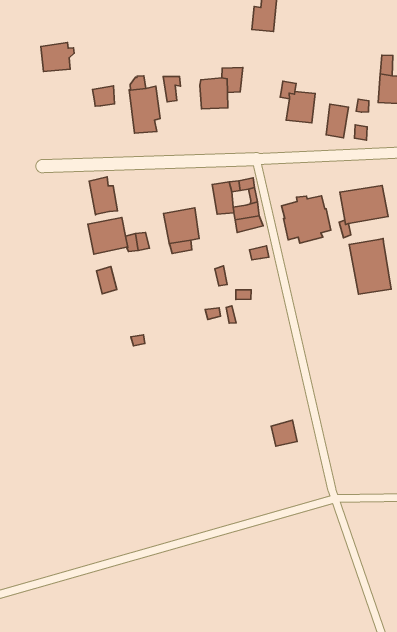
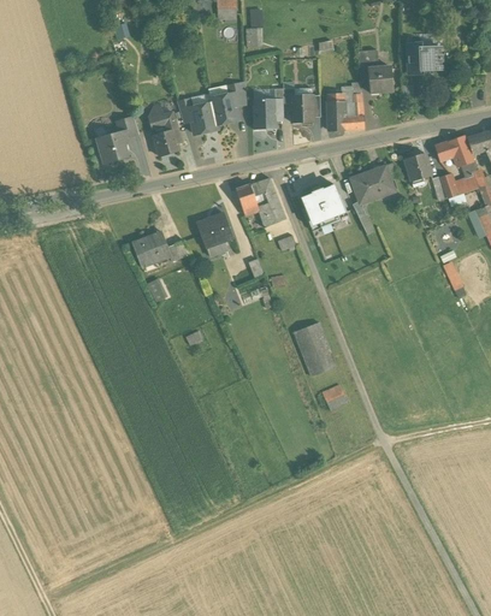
building: [41,43,74,72] -> [97,132,128,161]
building: none -> [189,103,217,134]
building: none -> [254,99,277,129]
building: [89,177,118,215] -> none
building: [349,239,391,294] -> none
building: none -> [295,321,337,375]

